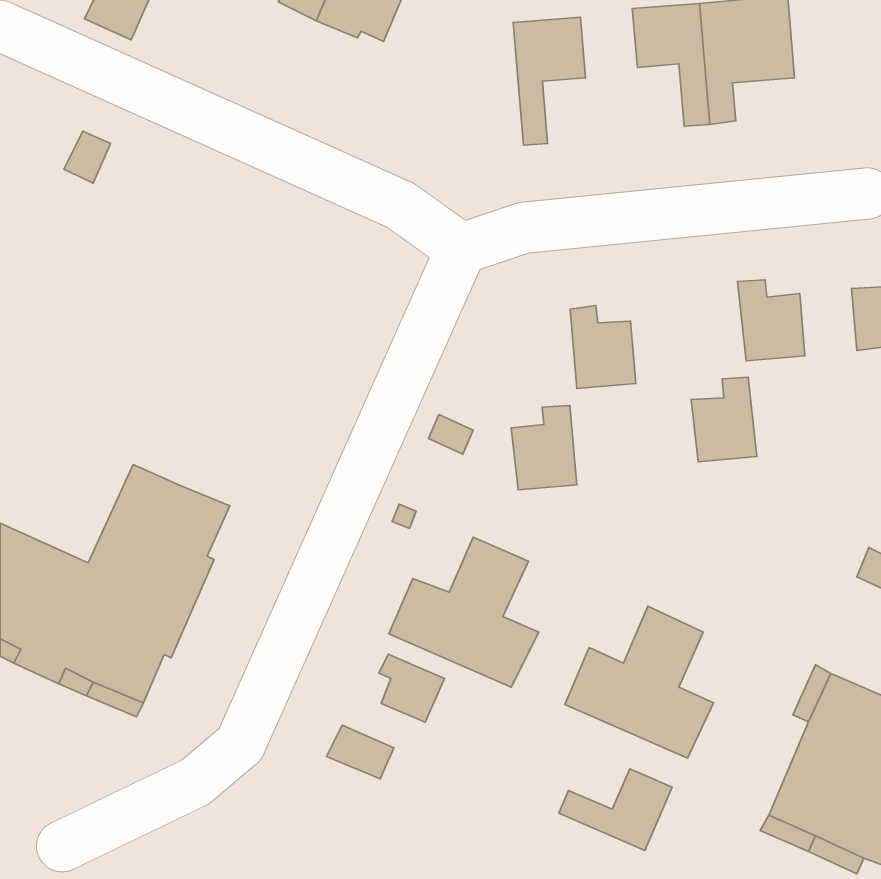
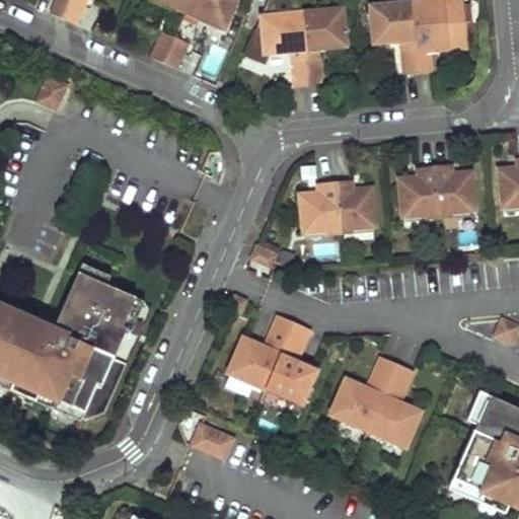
building: none -> [263,13,308,86]
building: none -> [152,29,191,68]
building: [691,377,757,462] -> [400,165,439,215]
building: [511,405,577,490] -> [301,181,340,231]
building: [379,654,444,722] -> none
building: [559,769,672,851] -> none

